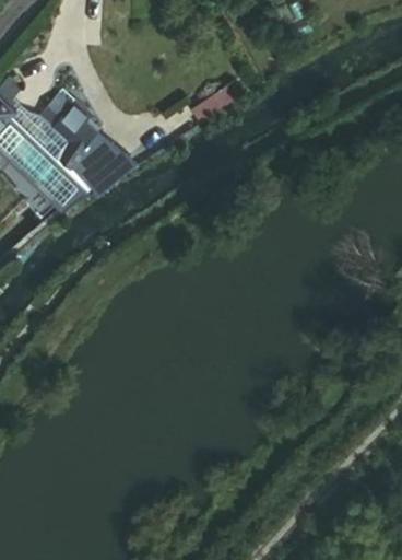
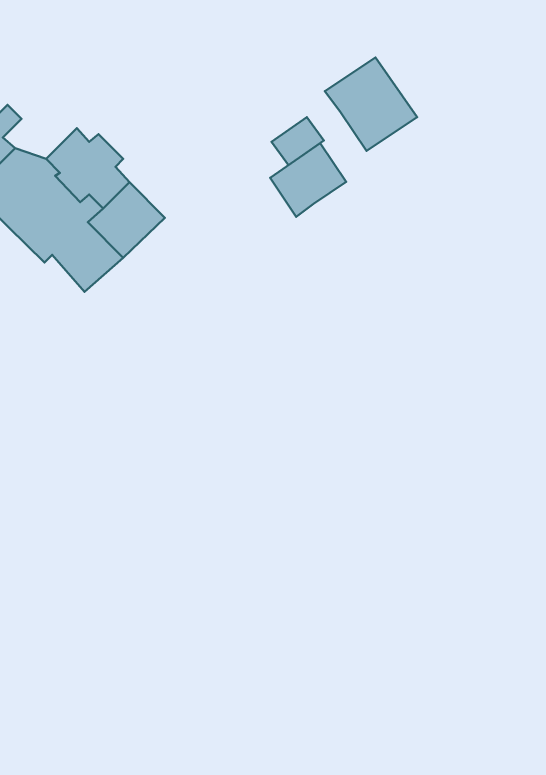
building: none -> [325,57,417,151]
building: none -> [270,143,346,217]

